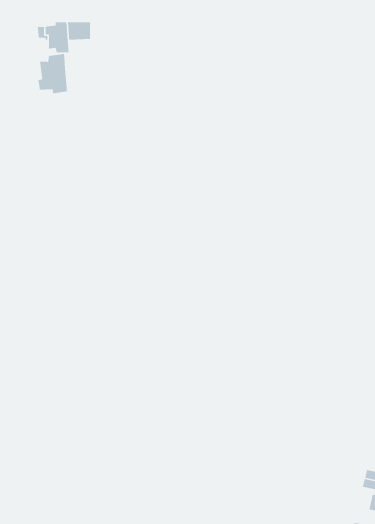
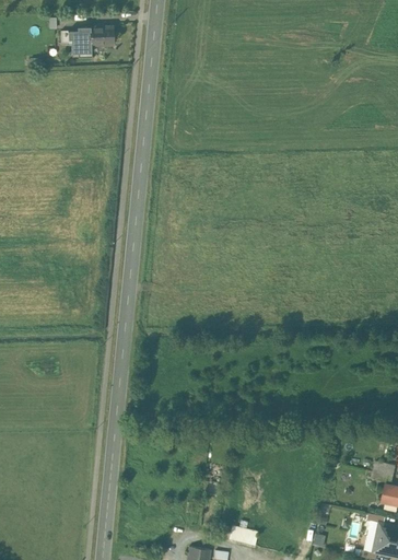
building: [37,53,68,94] -> none

